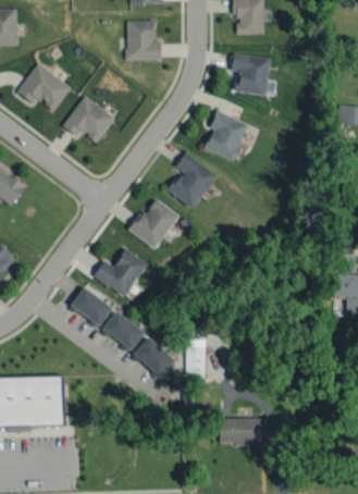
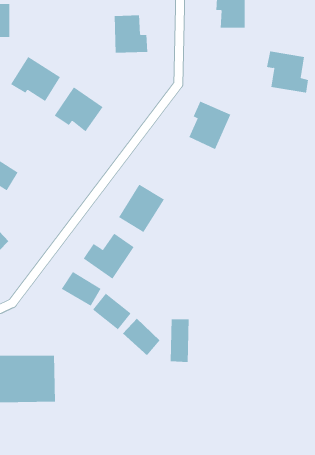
building: [230,51,274,96] -> [266,51,309,93]
building: [166,151,218,209] -> none
building: [220,418,261,444] -> none

